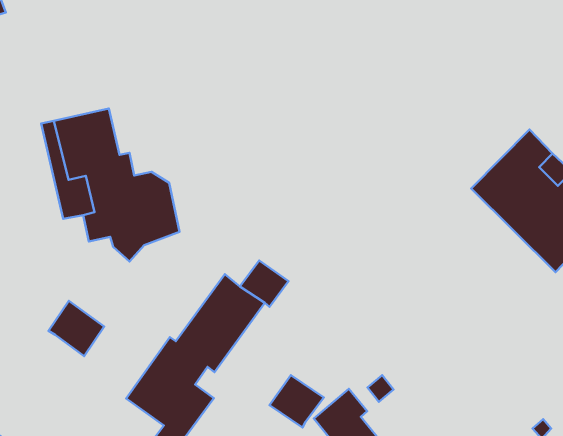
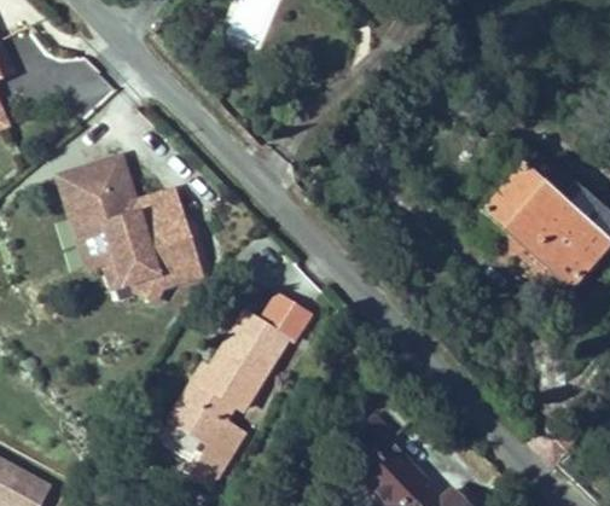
building: [49,301,104,356] -> none
building: [270,375,324,428] -> none

